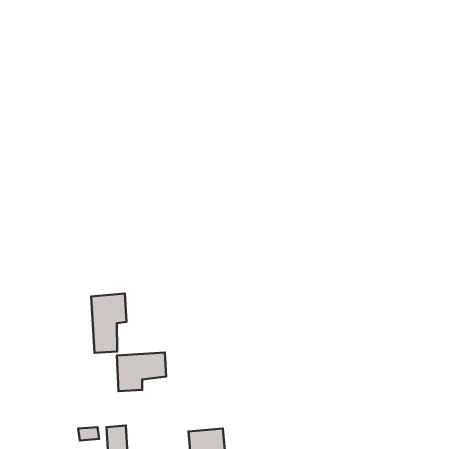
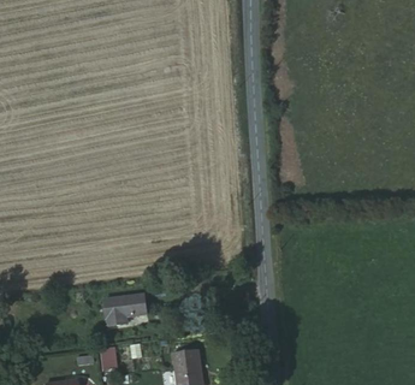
building: [91,294,127,353] -> none

